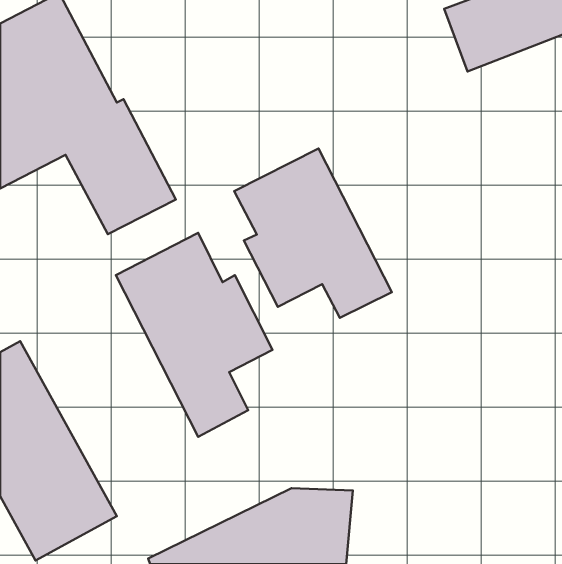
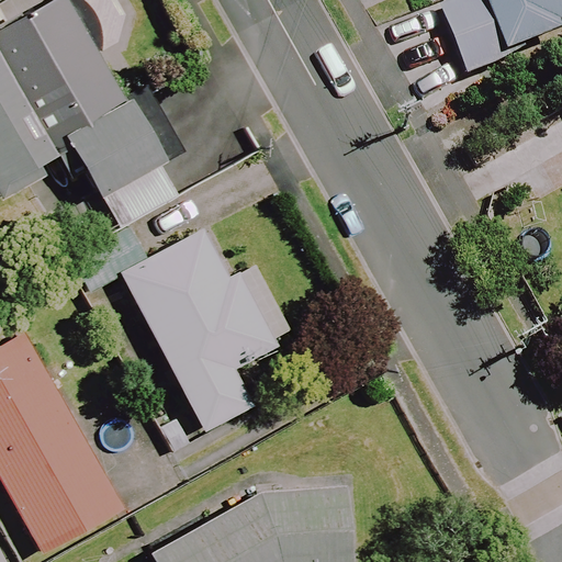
building: [234,148,392,318] -> none

